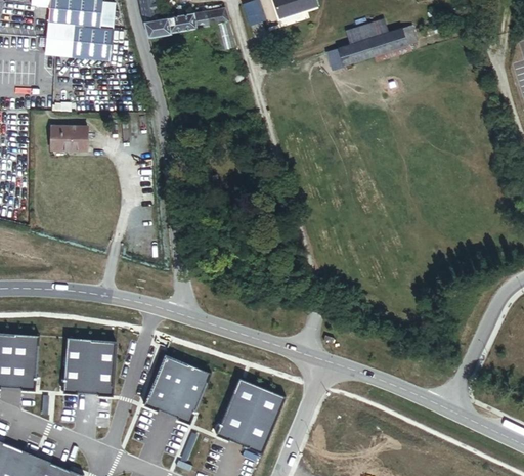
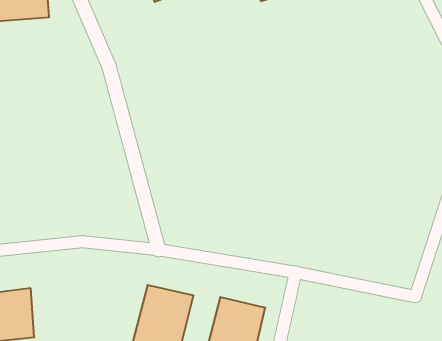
building: [47,123,85,146] -> none
building: [67,340,115,390] -> none

